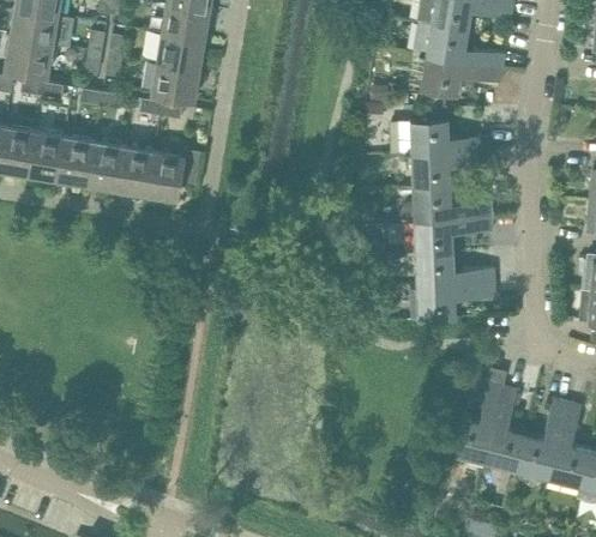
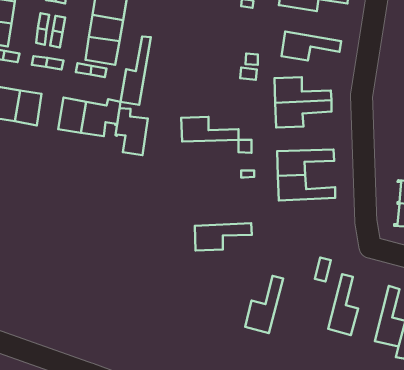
building: [413,20,505,70] -> none
building: none -> [121,36,151,105]
building: [88,141,124,189] -> none
building: none -> [115,108,148,155]
building: [414,186,492,219] -> [181,117,238,141]
building: [417,283,495,320] -> [195,223,252,251]
building: [452,384,504,461] -> [245,276,283,333]
building: [516,399,567,478] -> none

